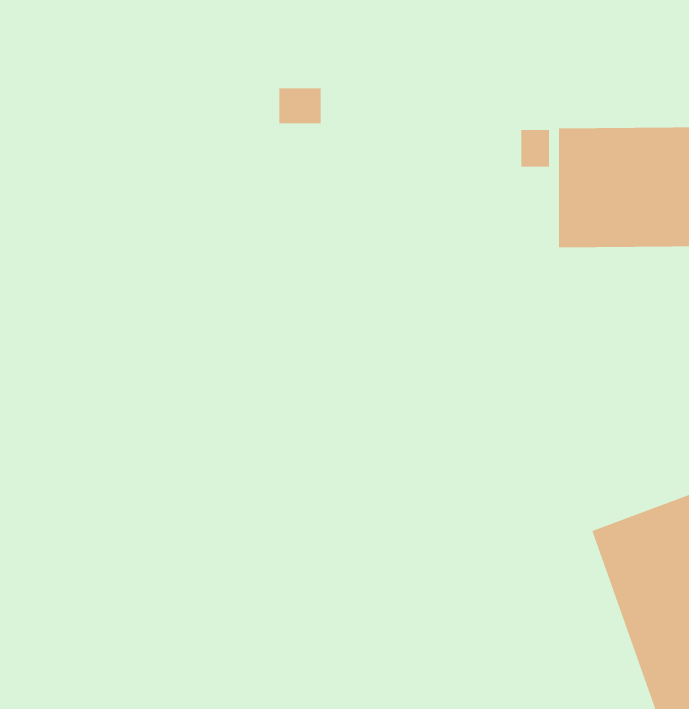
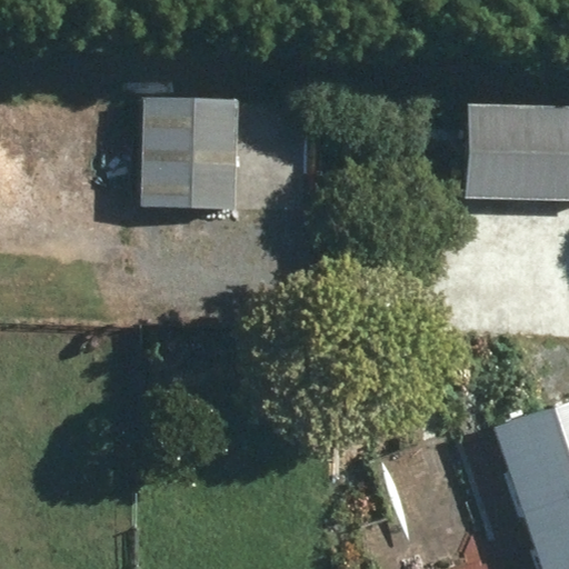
building: none -> [139,99,237,211]

